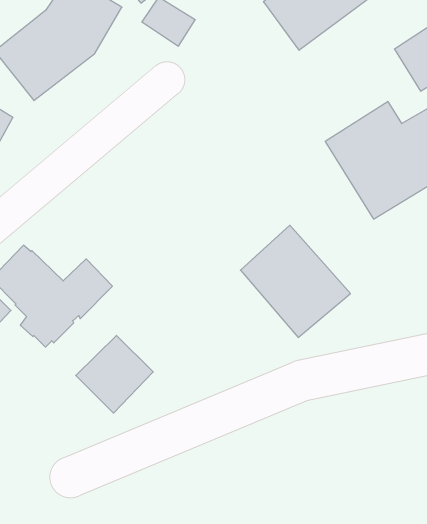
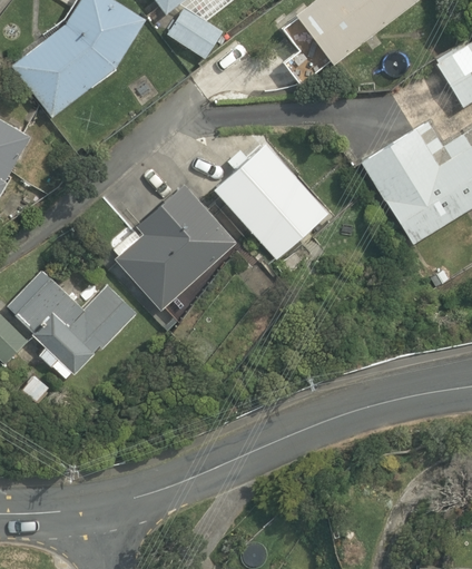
building: none -> [115,183,238,313]
building: [240,225,350,337] -> [214,141,331,261]
building: [76,335,153,413] -> none

